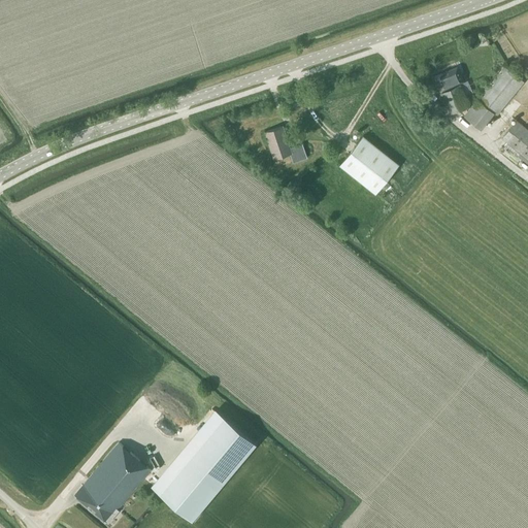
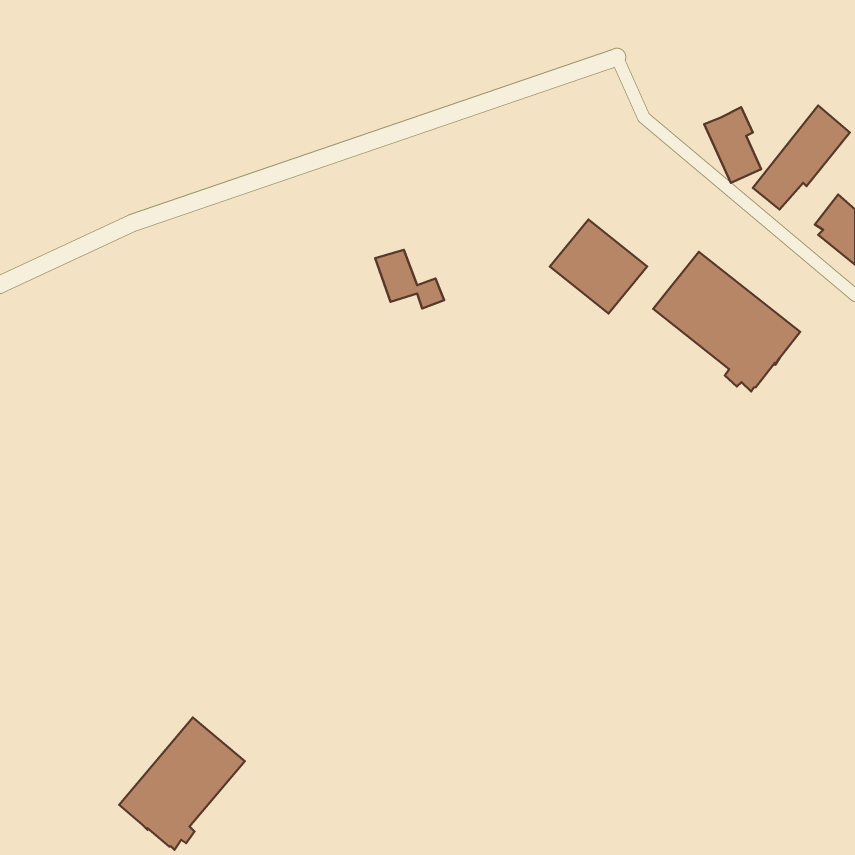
building: [264,127,306,163] -> [375,250,444,309]
building: none -> [653,252,800,392]
building: [158,416,256,520] -> none

